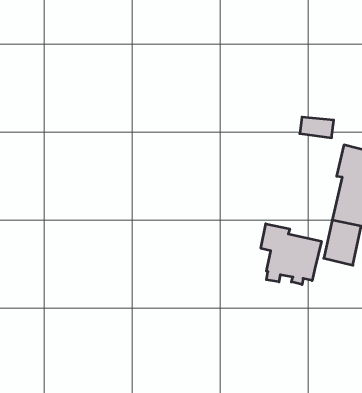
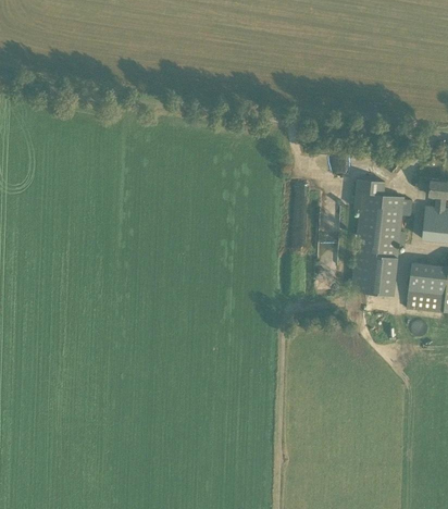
building: [261,224,321,285] -> none

